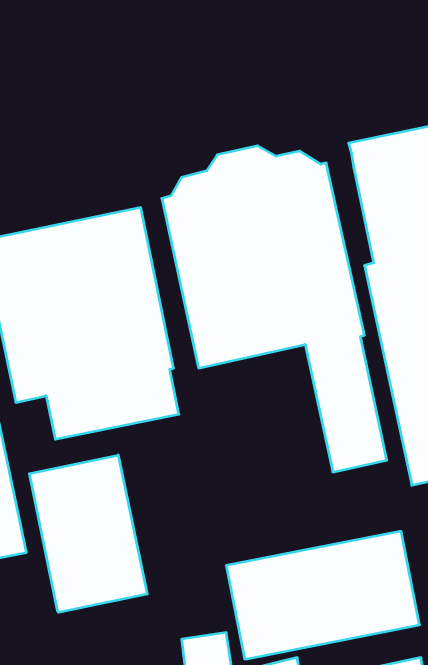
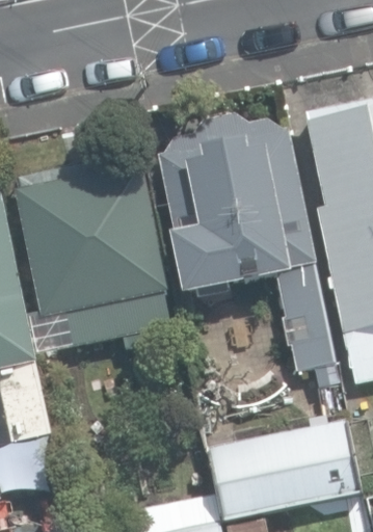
building: [29,455,147,612] -> none

